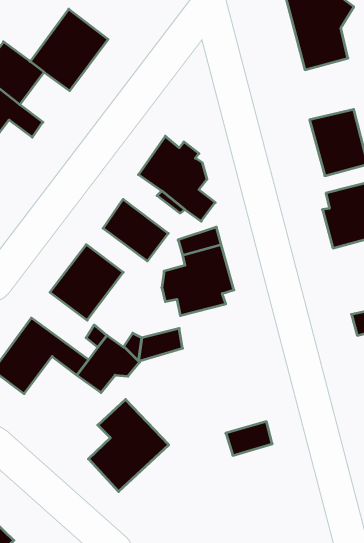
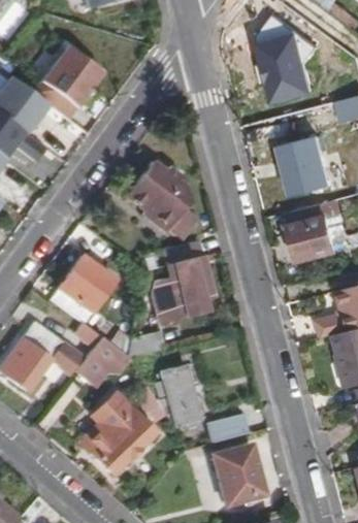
building: [103,199,168,261] -> none
building: none -> [156,368,201,430]
building: none -> [210,448,262,506]

